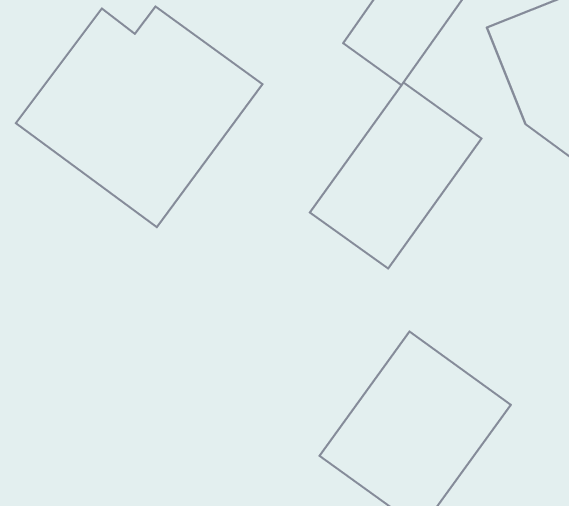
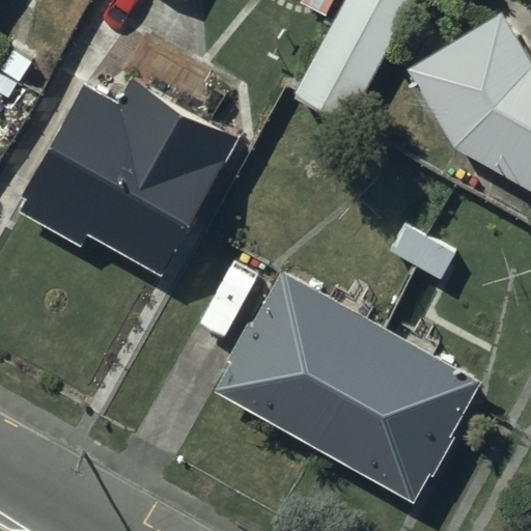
building: [310,82,482,269] -> none
building: none -> [219,277,379,444]

